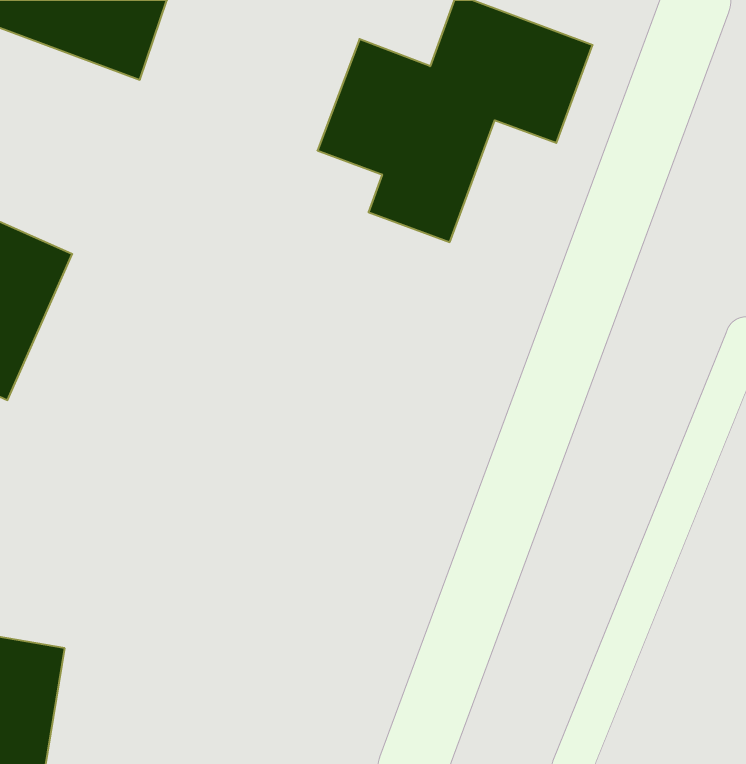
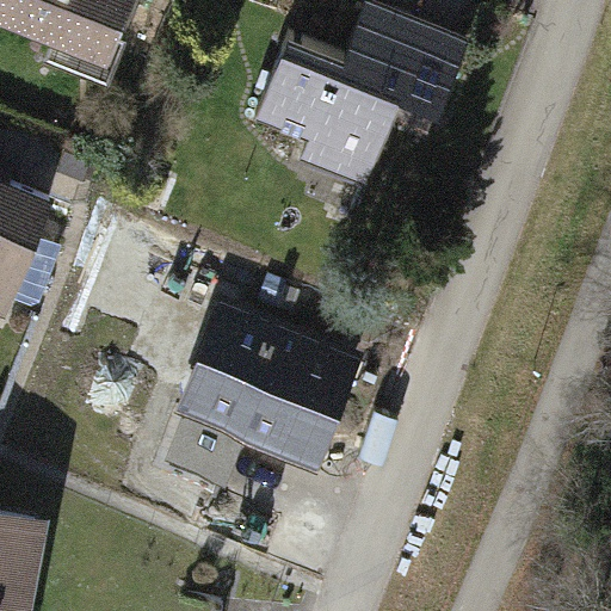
building: none -> [172,303,362,471]

